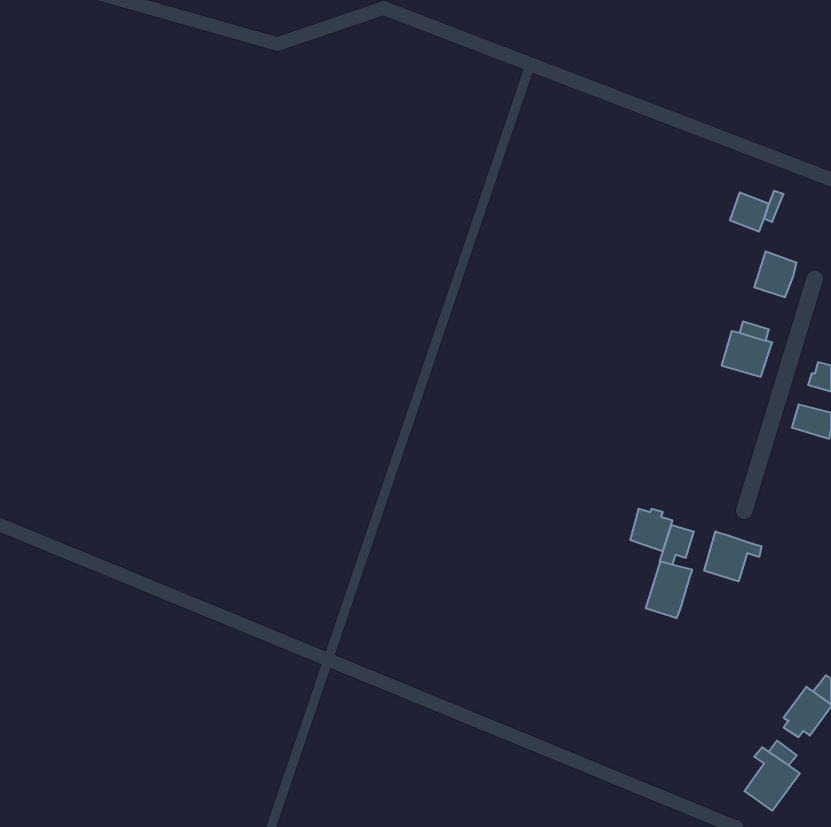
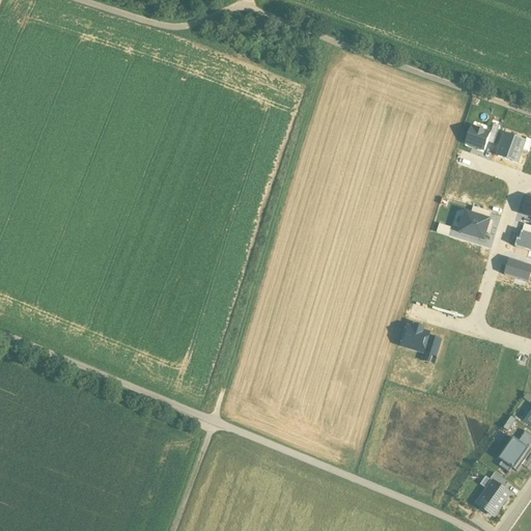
building: [754,251,797,297] -> [496,132,523,161]
building: [704,531,761,581] -> none
building: [646,561,692,618] -> none

